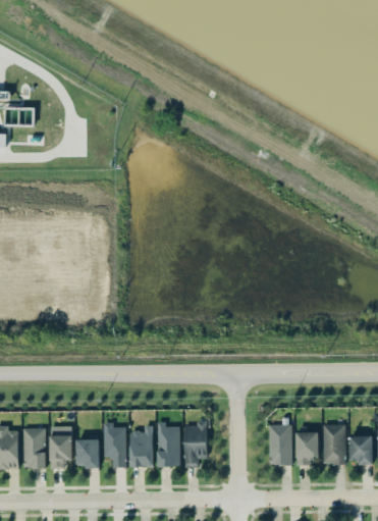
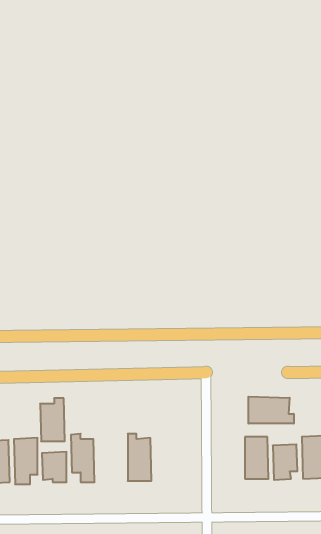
building: none -> [248,397,294,424]
building: [184,421,208,467] -> none
building: [130,426,154,467] -> [40,398,65,441]

